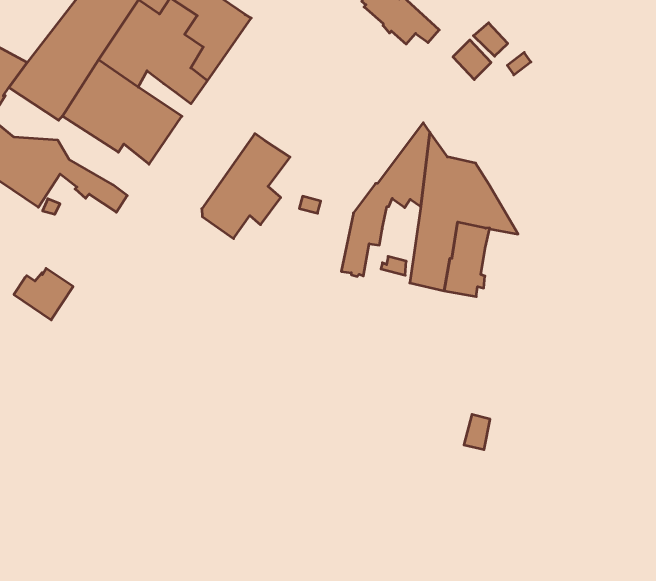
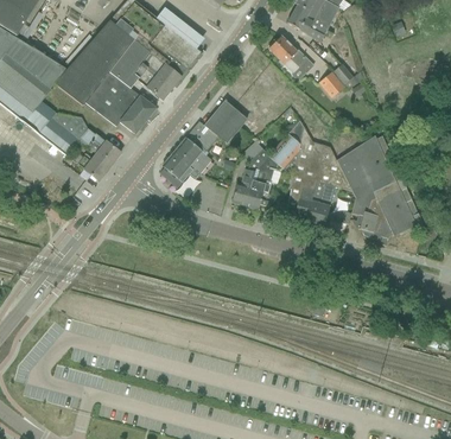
building: none -> [205,100,252,152]
building: none -> [337,135,423,243]
building: none -> [231,148,269,205]
building: [14,268,73,320] -> [78,149,114,180]

